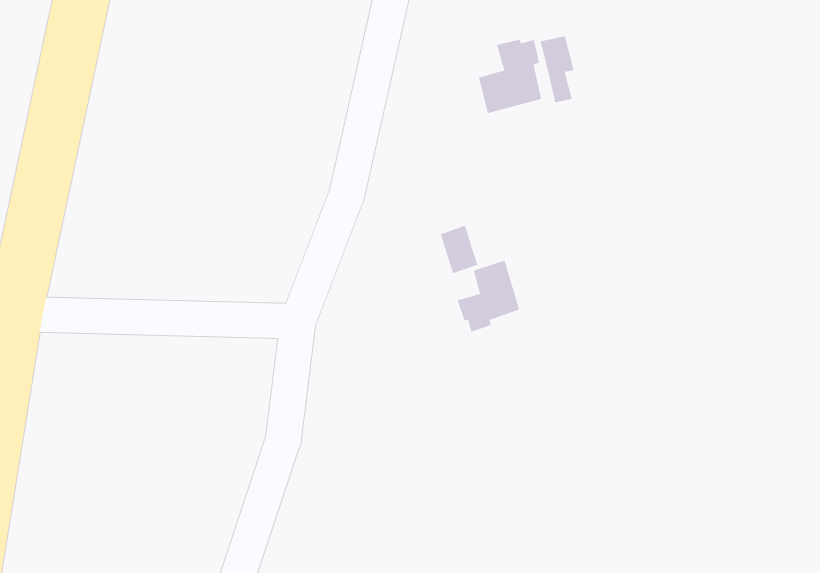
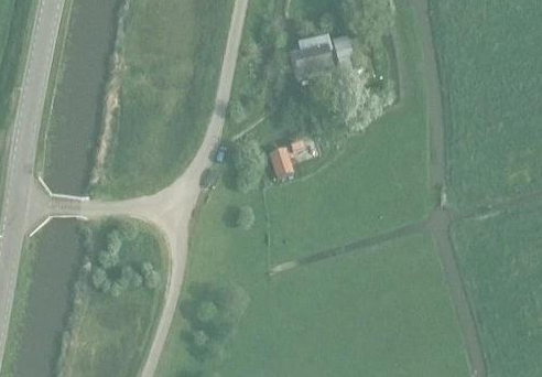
building: [457,260,520,332] -> none

